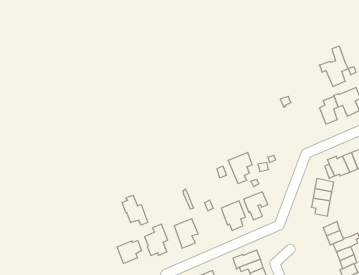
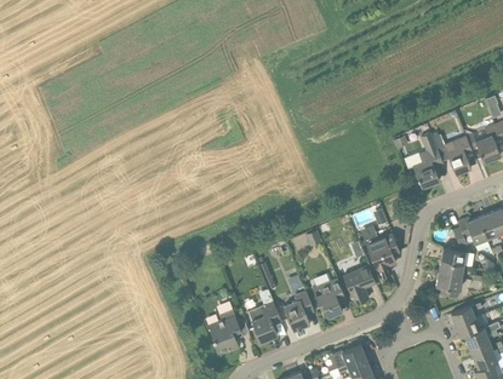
building: [319,46,348,87] -> [404,132,442,186]
building: [228,152,252,184] -> [366,234,399,276]
building: [122,195,148,225] -> none
building: none -> [284,292,314,331]
building: [117,241,142,263] -> none

